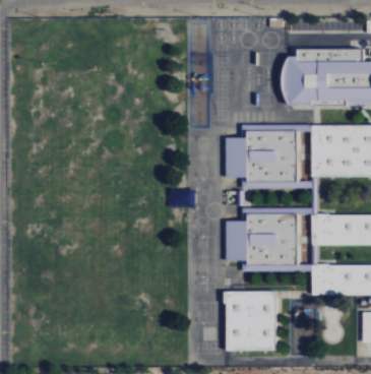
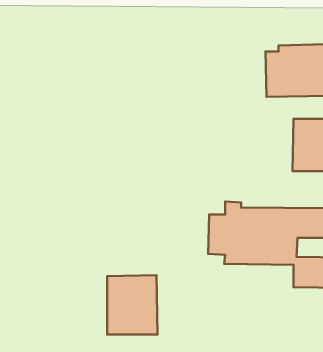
building: [225,125,310,188] -> none
building: [225,291,275,351] -> [107,275,157,334]

